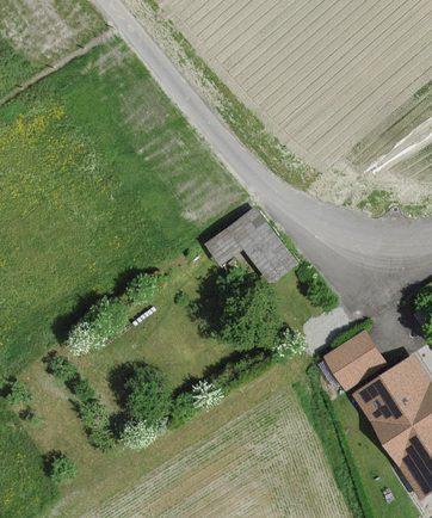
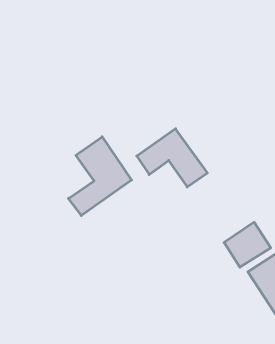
building: none -> [68,137,132,216]

